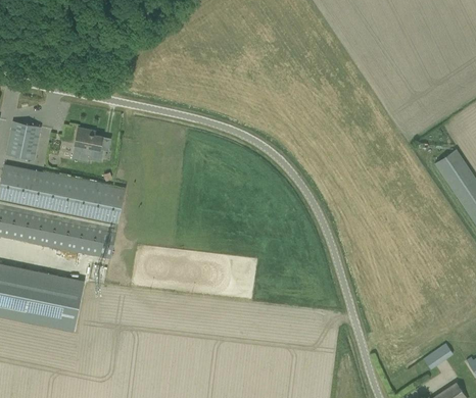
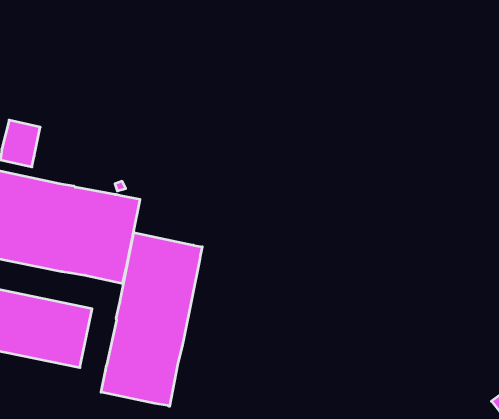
building: [75,128,103,162] -> none
building: none -> [101,233,202,406]

